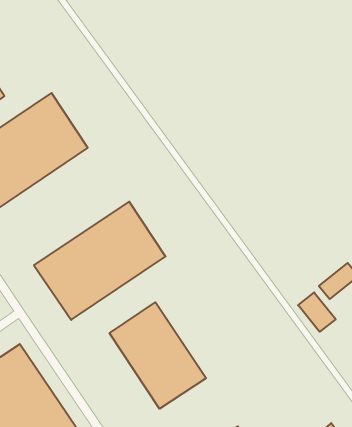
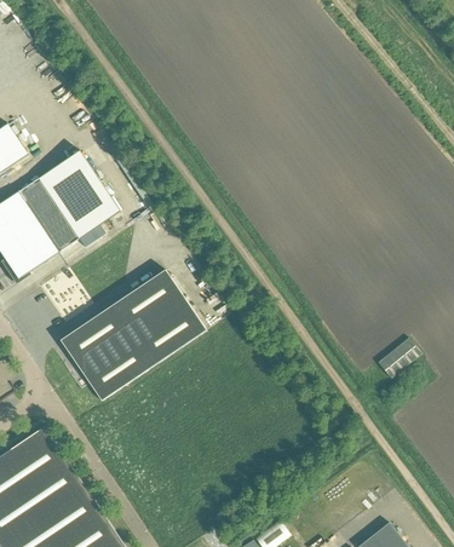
building: [298,292,336,332] -> none
building: [110,302,206,409] -> none

